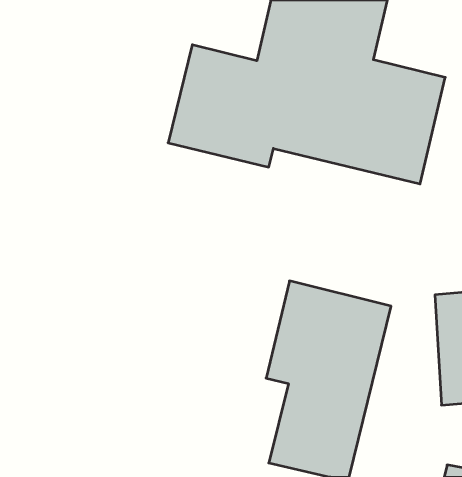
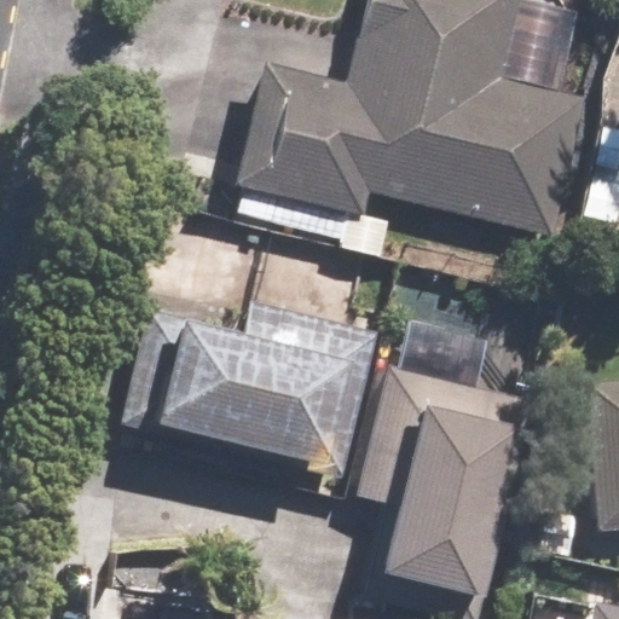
building: none -> [127,305,376,474]

